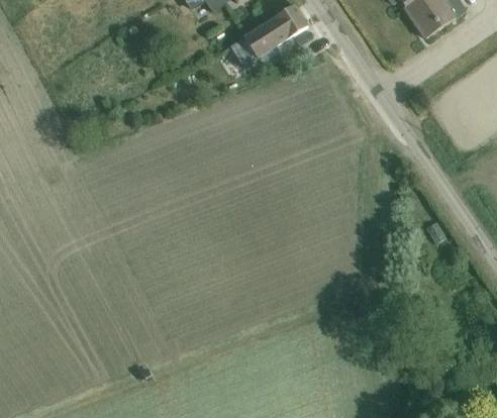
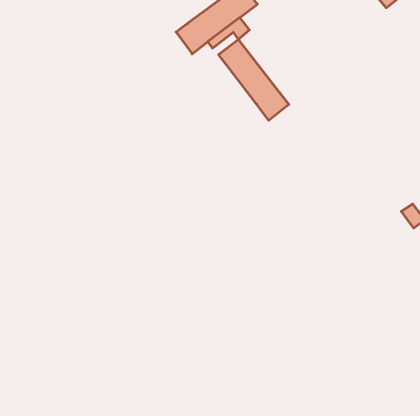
building: none -> [219,40,289,120]

